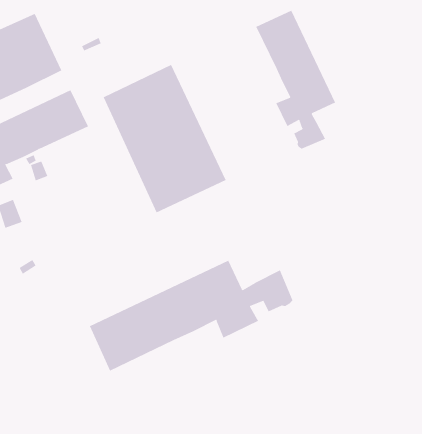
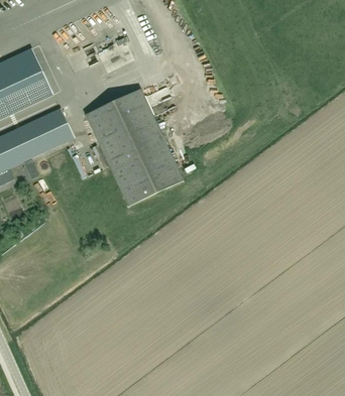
building: [256,10,336,150] -> none
building: [89,260,293,371] -> none

